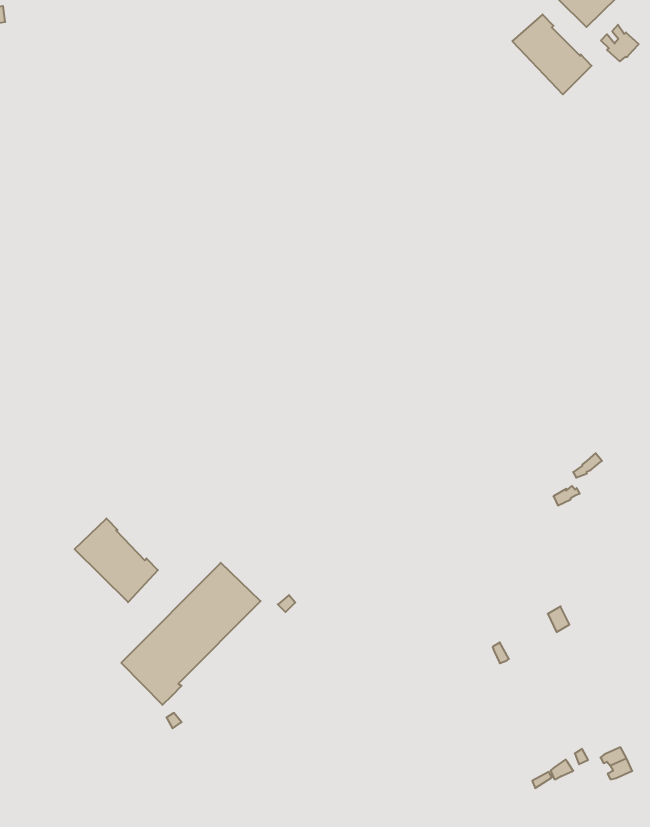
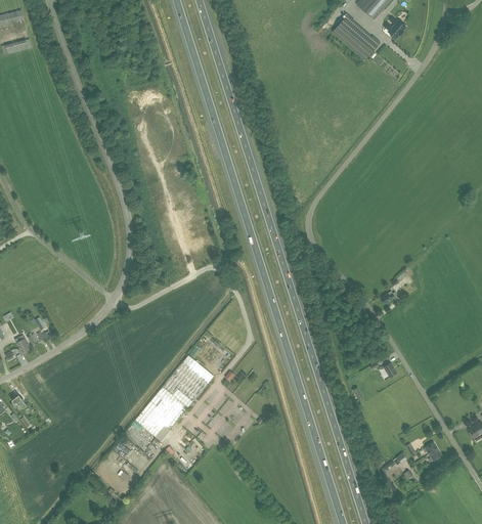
building: [75,518,158,602] -> none

